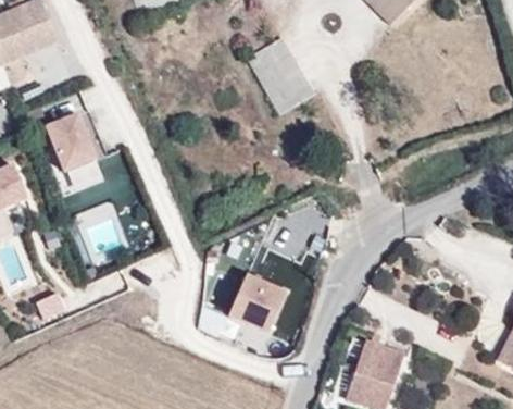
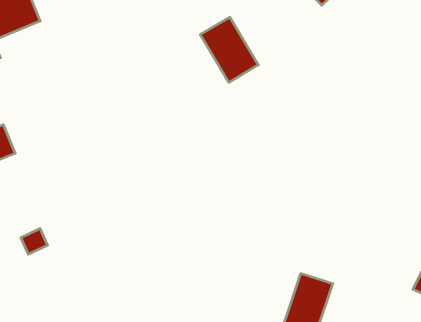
building: [47,113,97,171] -> none
building: [230,274,287,331] -> none

